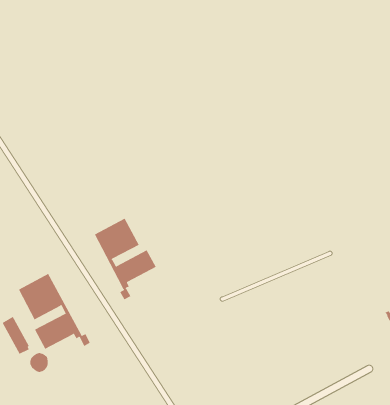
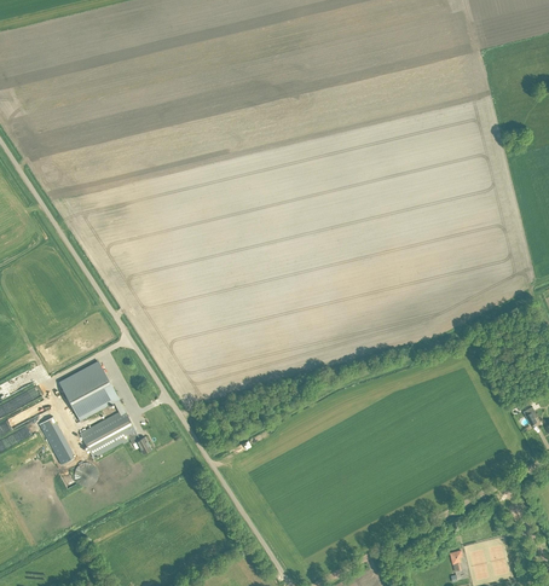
building: [94,218,156,300] -> none

